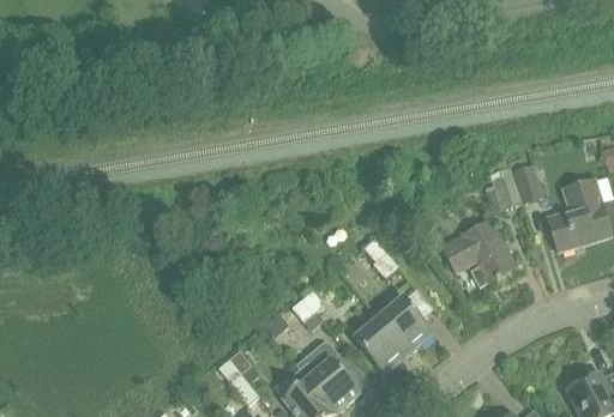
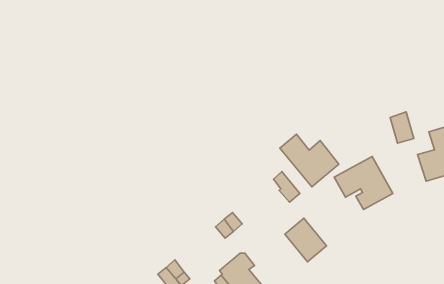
building: [488,167,520,208] -> none
building: none -> [280,134,339,187]
building: [355,316,408,371] -> none

